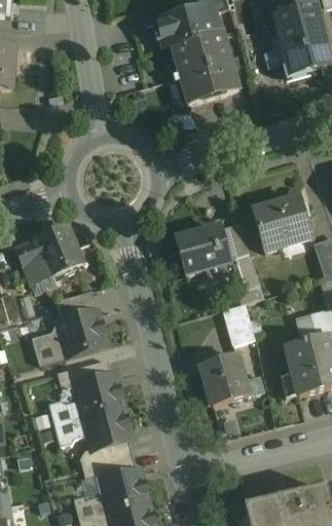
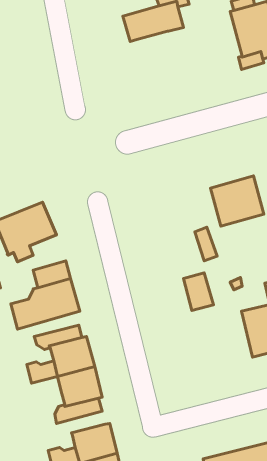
building: [171,32,238,103] -> none
building: [174,226,230,274] -> none
building: [199,353,248,405] -> none
building: [54,416,87,444] -> none
building: [82,454,136,482] -> none

